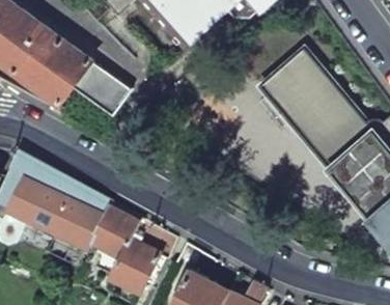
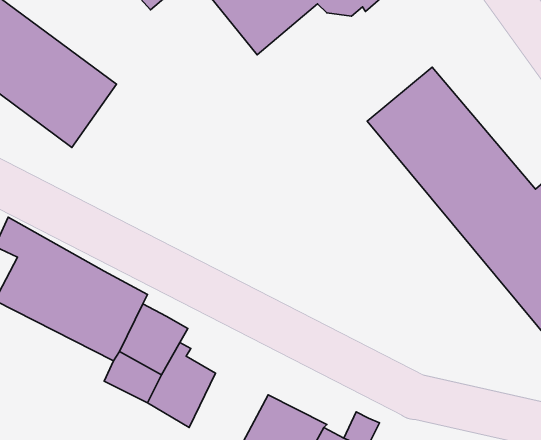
building: [80,68,132,117] -> none

